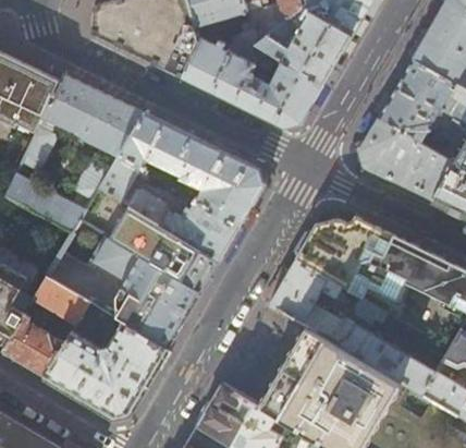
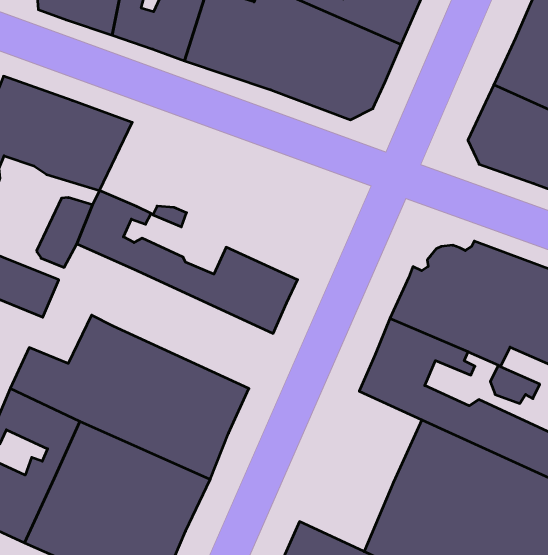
building: [118,113,262,227] -> none
building: [116,209,219,293] -> none

